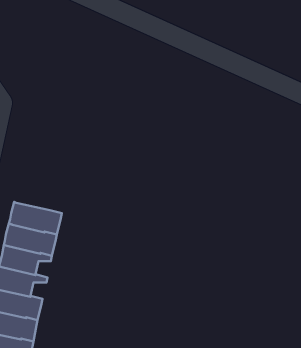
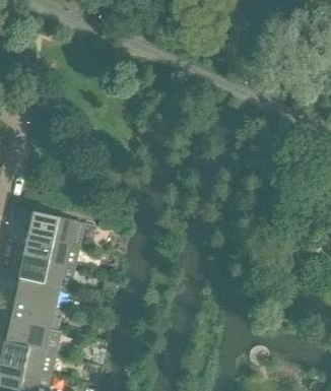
building: none -> [29,212,93,246]

